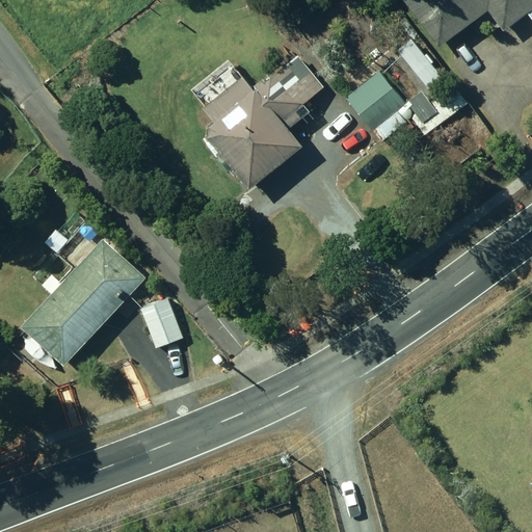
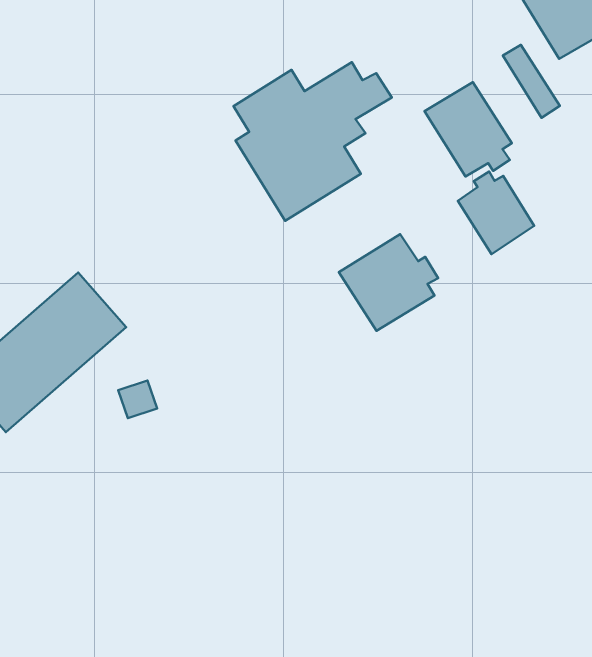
building: none -> [458,172,534,254]
building: none -> [339,234,438,331]

